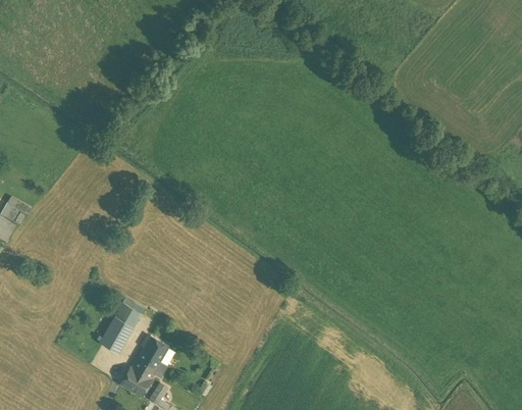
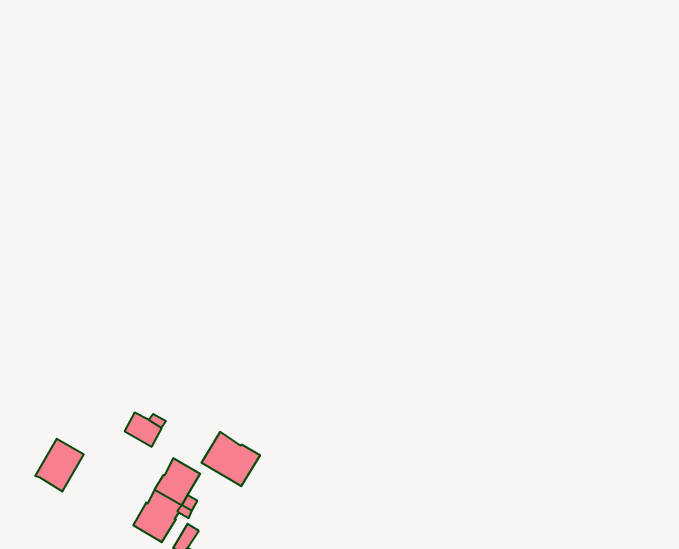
building: [99,316,134,354] -> [35,439,84,492]
building: none -> [201,432,260,486]

